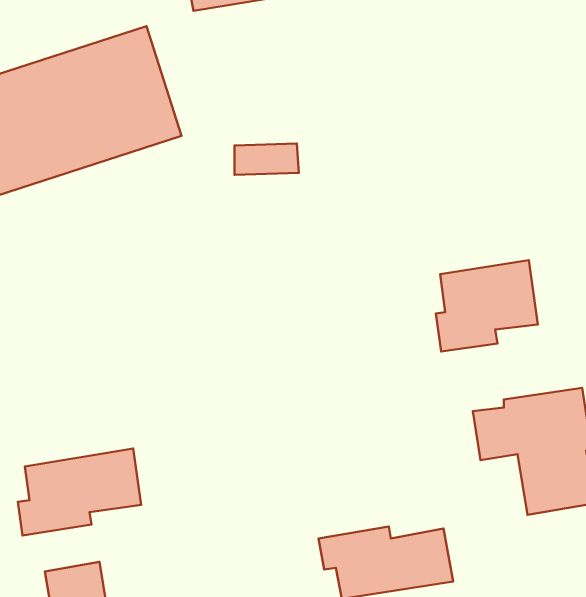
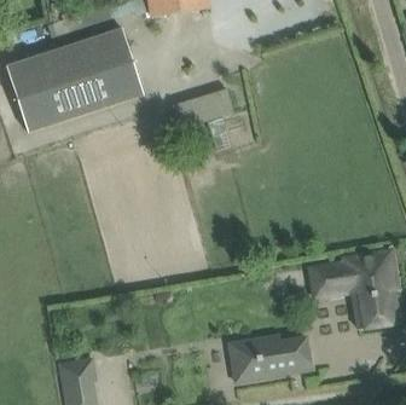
building: [436,260,538,352] -> none
building: [18,449,141,535] -> none

